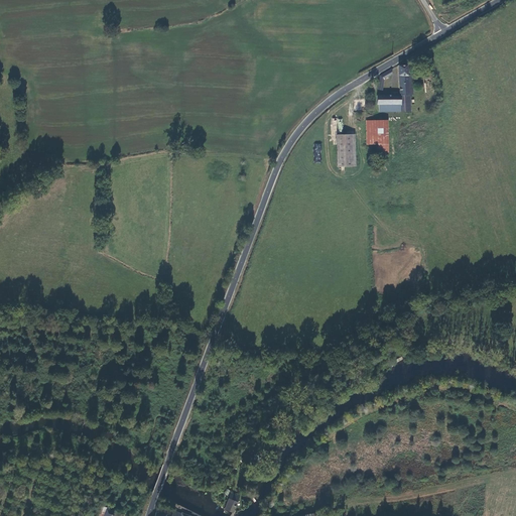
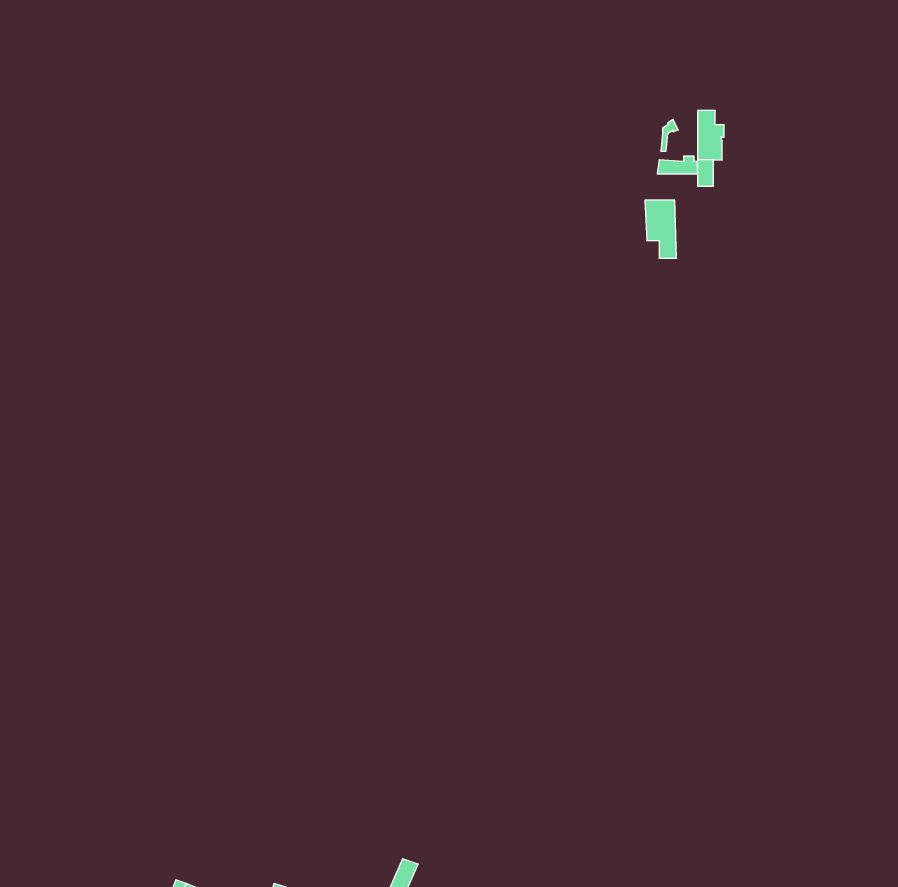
building: [338,136,352,167] -> none

